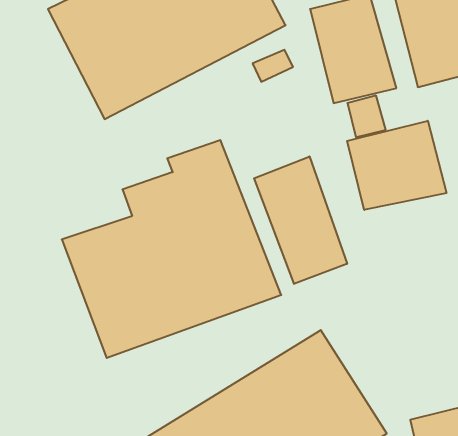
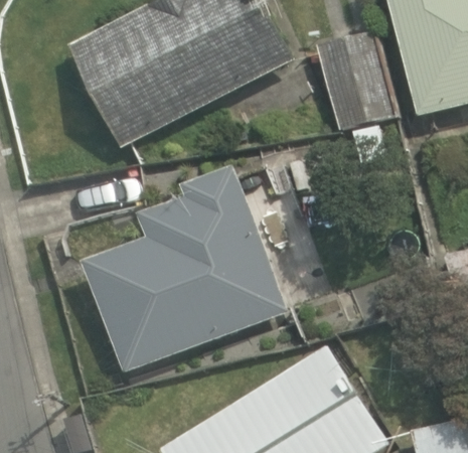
building: [347,121,446,210] -> none
building: [254,156,347,284] -> none

